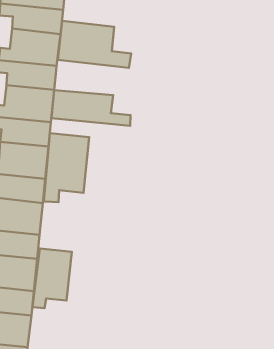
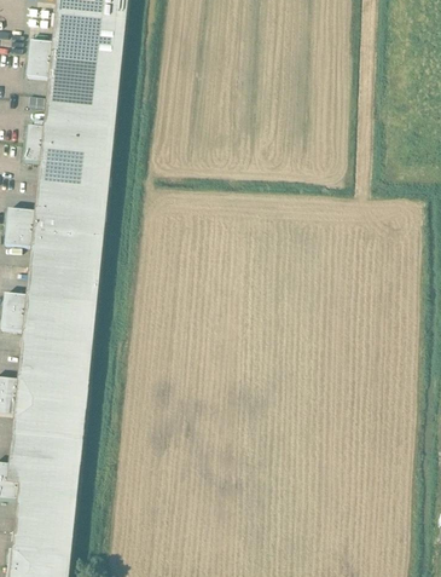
building: [58,21,131,68] -> none
building: [52,90,131,126] -> none
building: [44,133,89,202] -> none
building: [32,249,72,308] -> none

